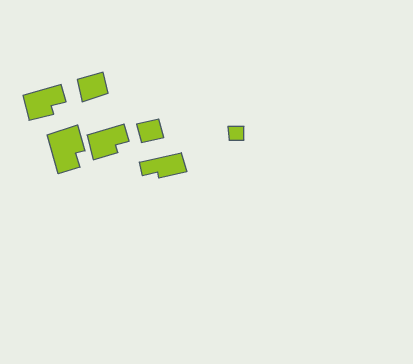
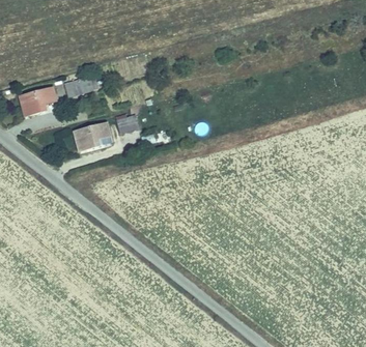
building: [47,125,85,174] -> none
building: [139,153,187,178] -> none

